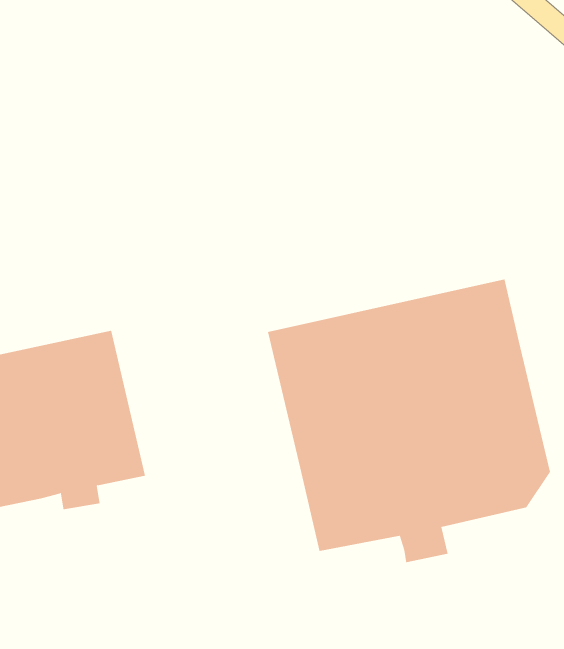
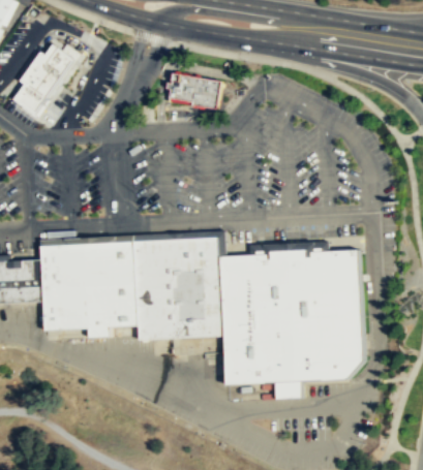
building: none -> [165,71,220,107]
building: none -> [133,237,223,339]

